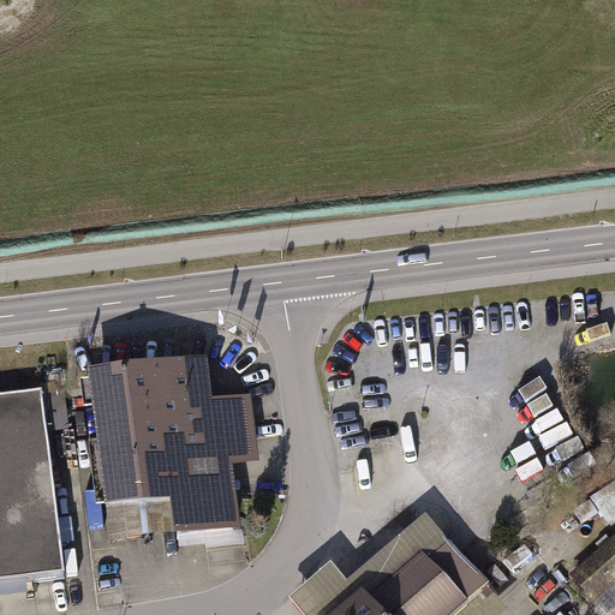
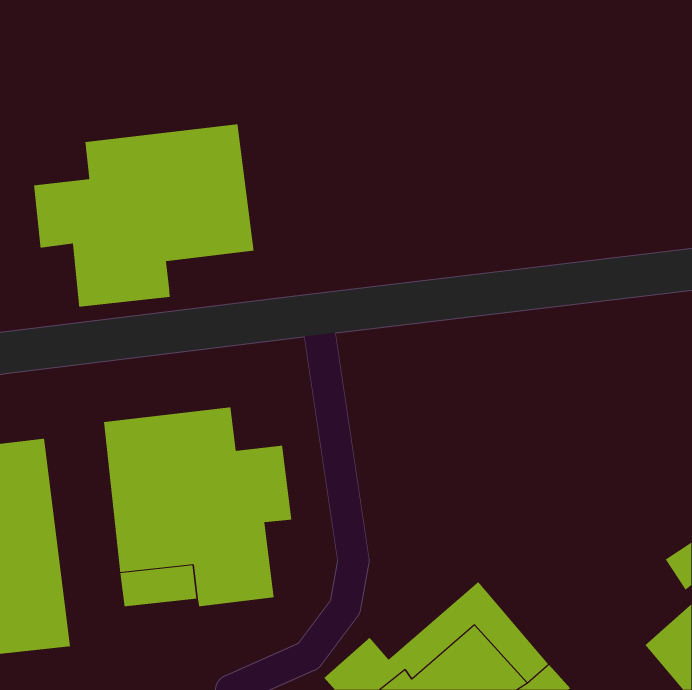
building: none -> [33,124,254,308]

